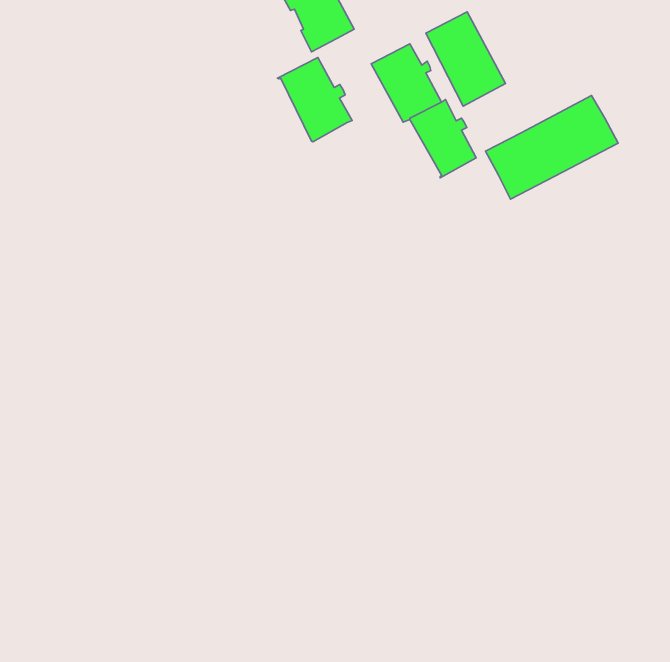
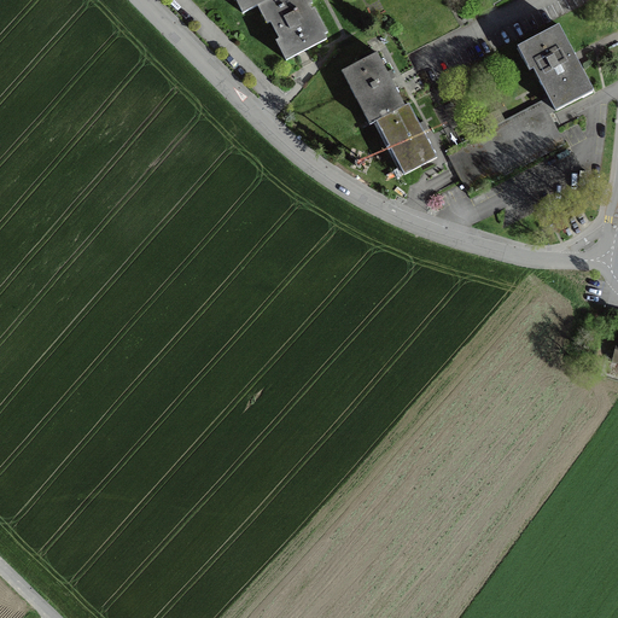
building: [426,12,505,106] -> [520,24,593,110]
building: [278,58,352,142] -> none

